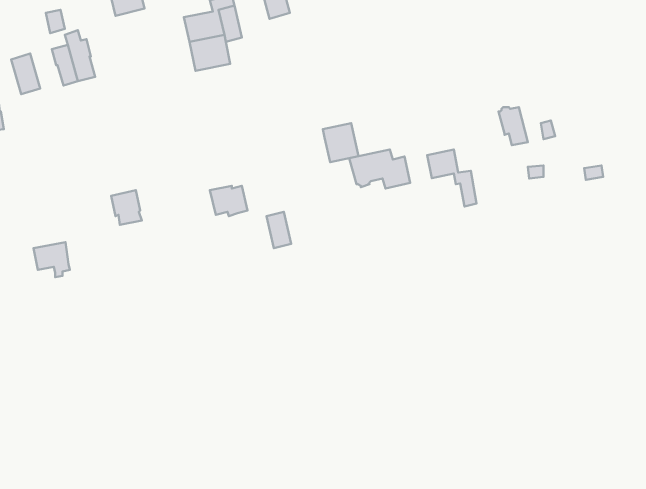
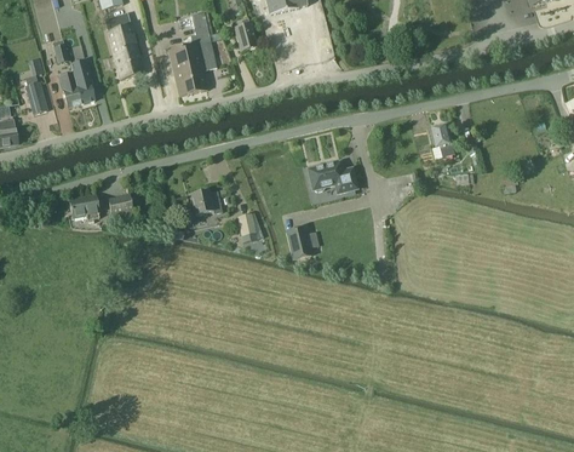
building: none -> [111,42,144,79]
building: [323,123,358,162] -> none
building: [427,150,477,207] -> none
building: none -> [286,225,311,258]
building: [34,242,70,277] -> [69,194,99,223]

